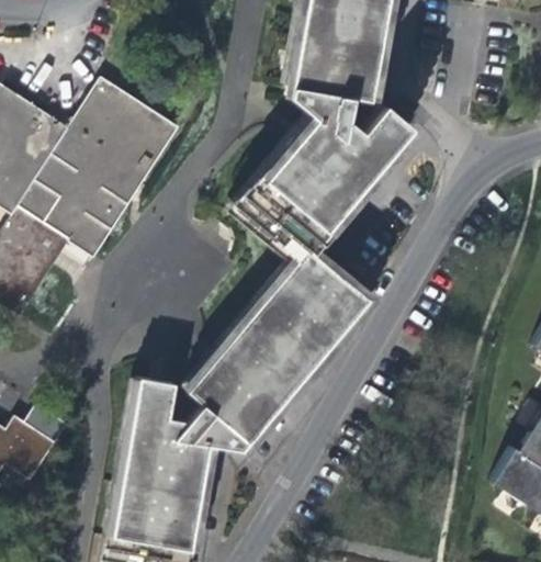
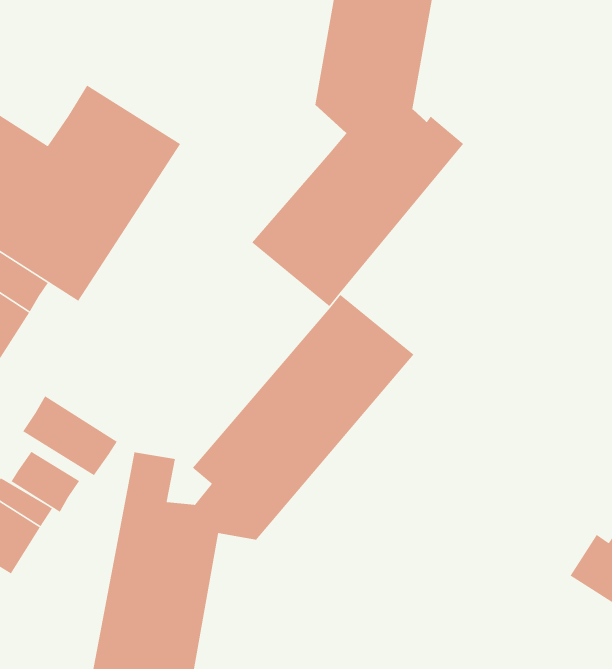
building: none -> [22,395,118,476]
building: none -> [11,451,80,513]

